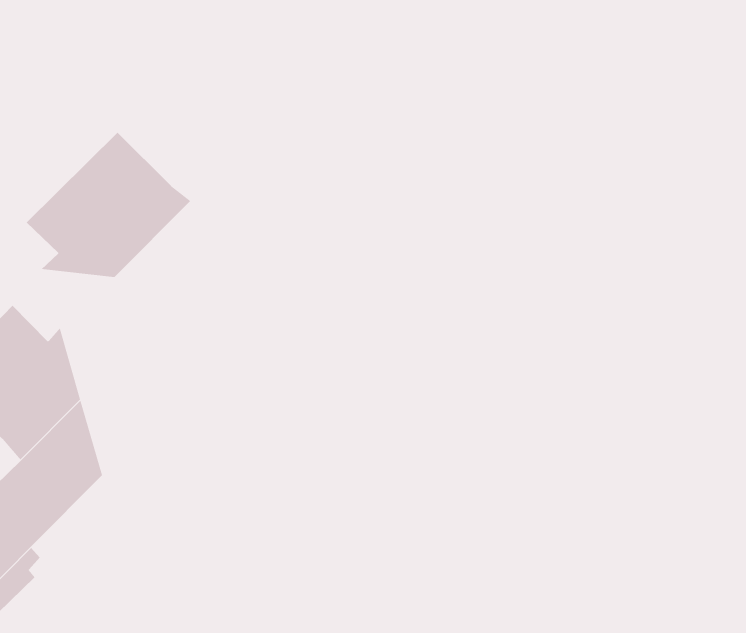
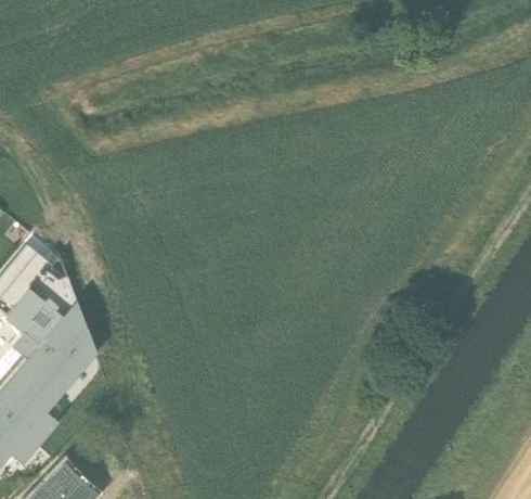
building: [26,132,191,278] -> none

